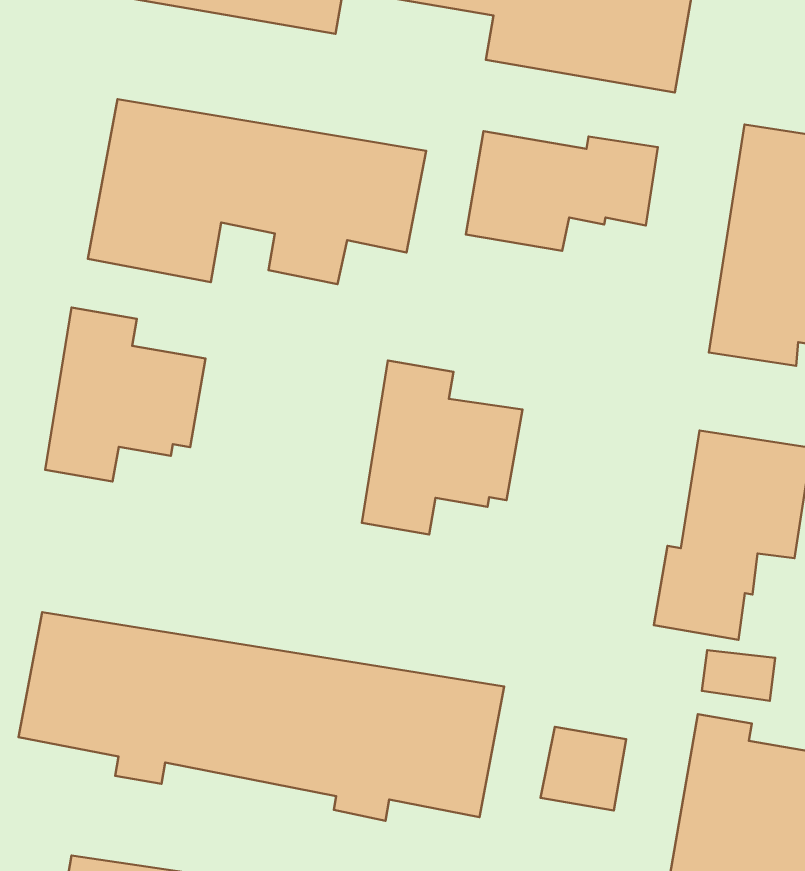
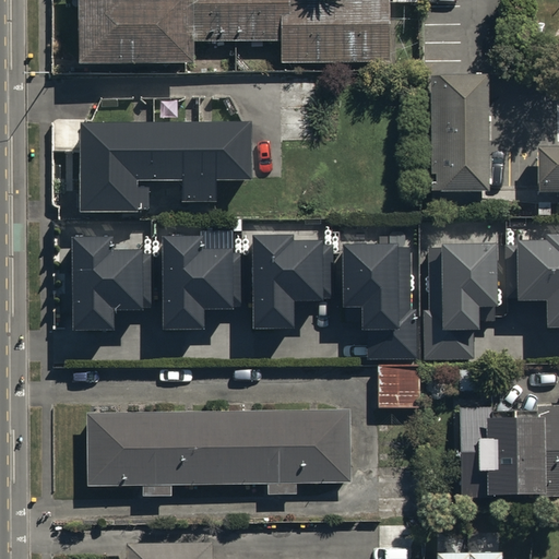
building: [466,131,658,251] -> none
building: none -> [165,238,243,330]
building: none -> [345,247,416,358]
building: [541,727,626,810] -> [377,365,418,405]

